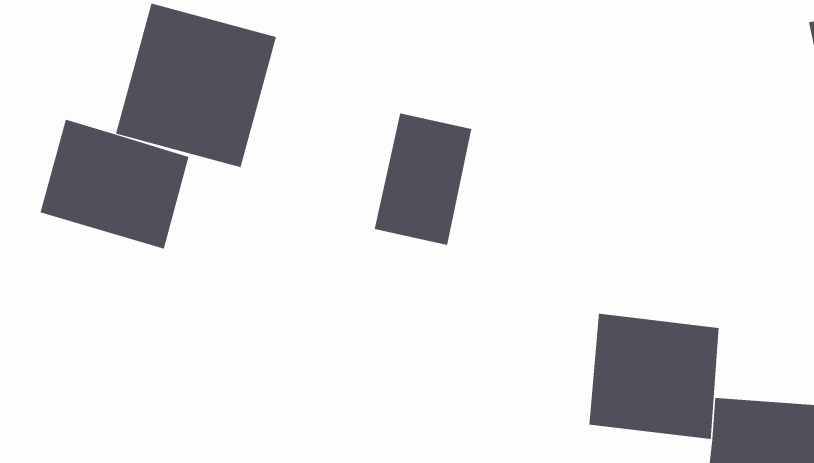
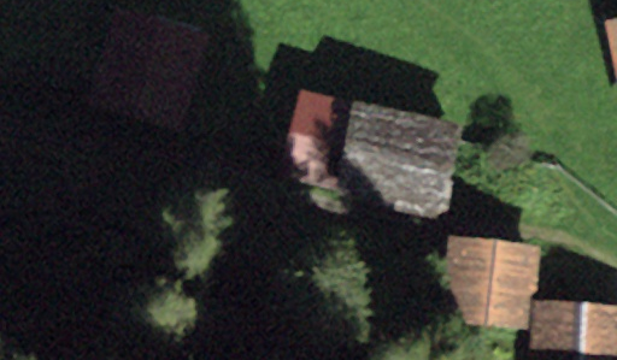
building: [40,119,189,249] -> none
building: none -> [335,100,466,219]

